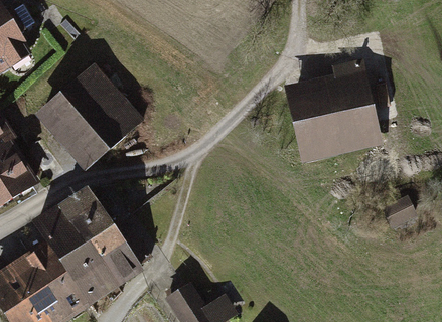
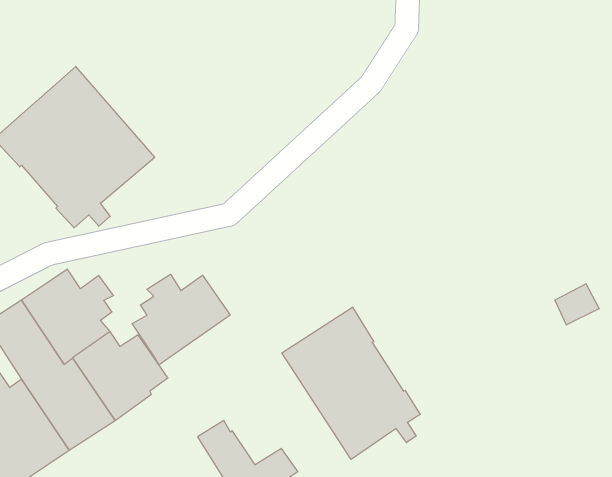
building: [290,63,374,150] -> none
building: none -> [132,274,230,365]
building: none -> [282,307,420,459]

